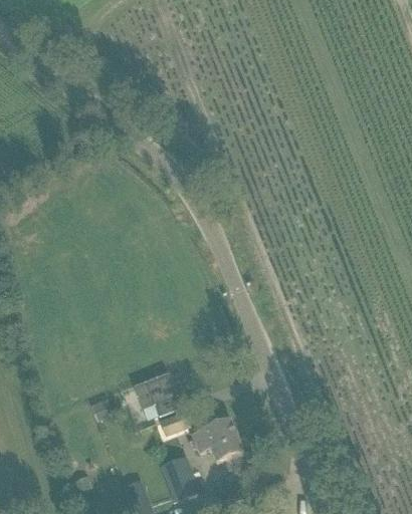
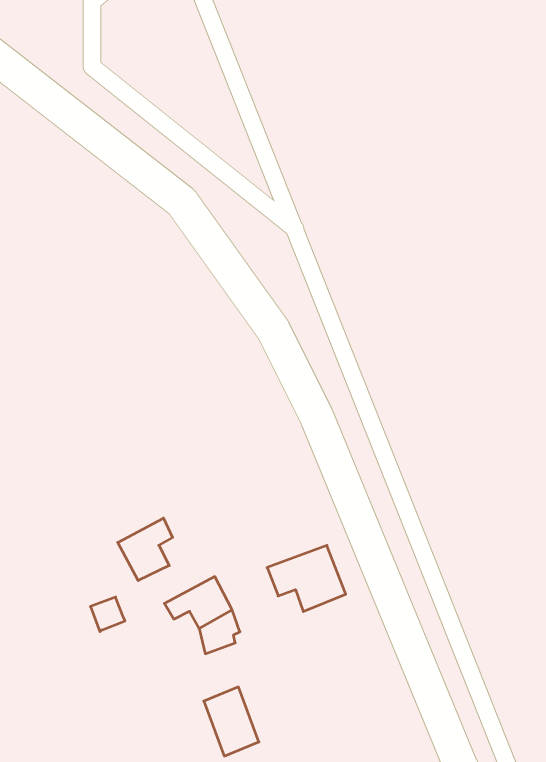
building: none -> [118,518,173,581]
building: [191,416,241,458] -> [267,545,346,612]

